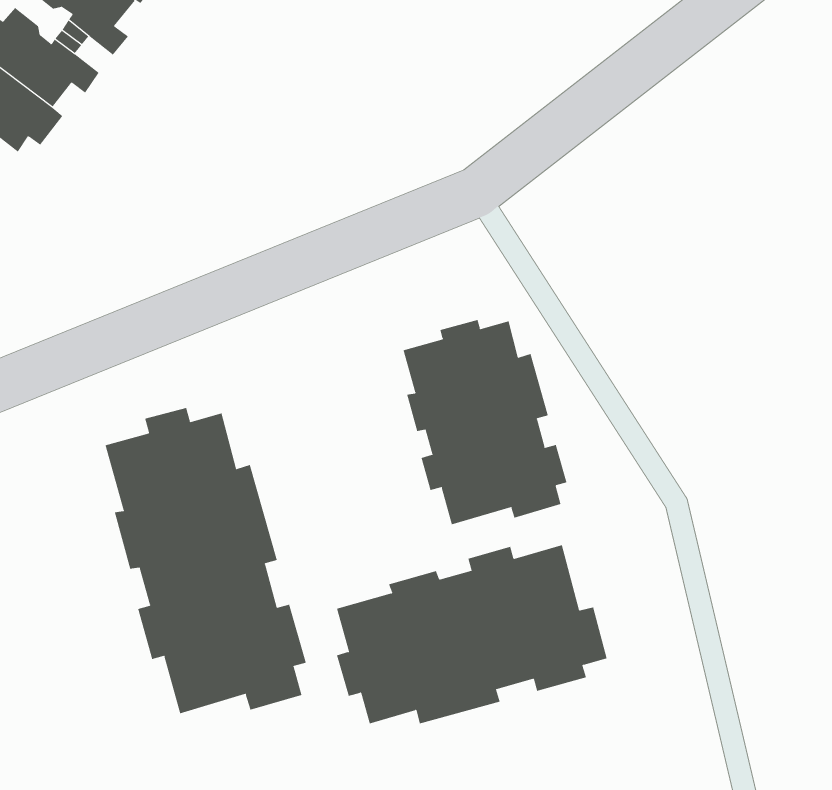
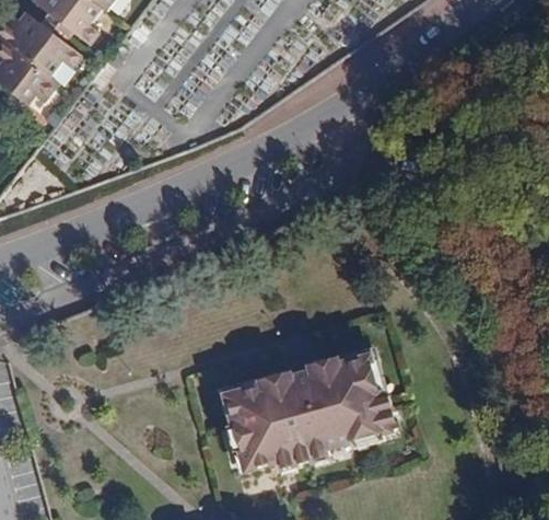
building: [403,319,567,525] -> none
building: [105,407,306,714] -> none

